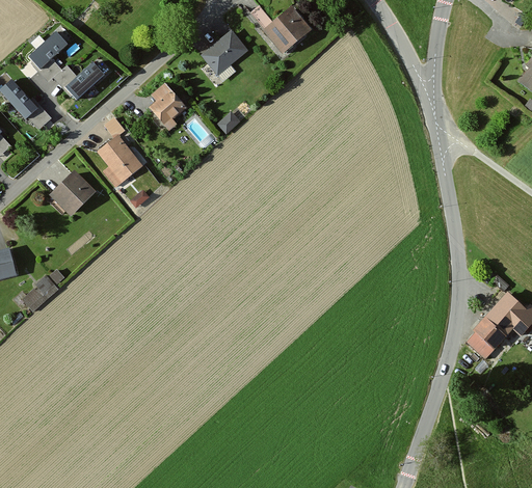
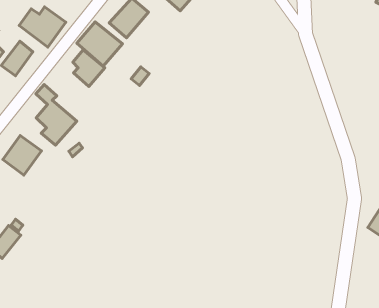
building: none -> [19,7,66,47]
building: none -> [77,22,122,66]

